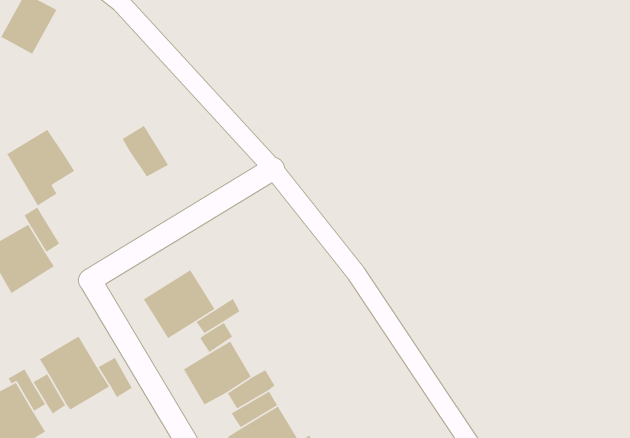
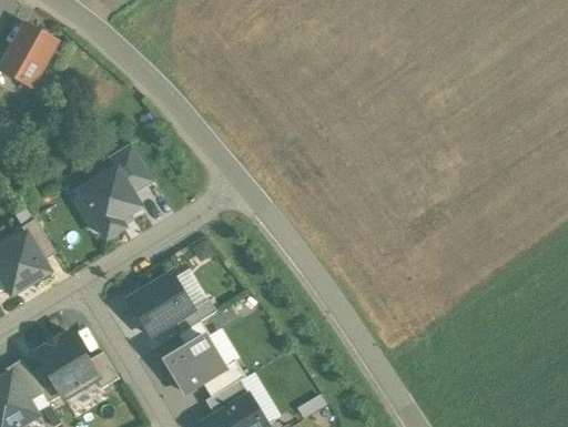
building: [6,129,75,206] -> [79,169,140,237]

